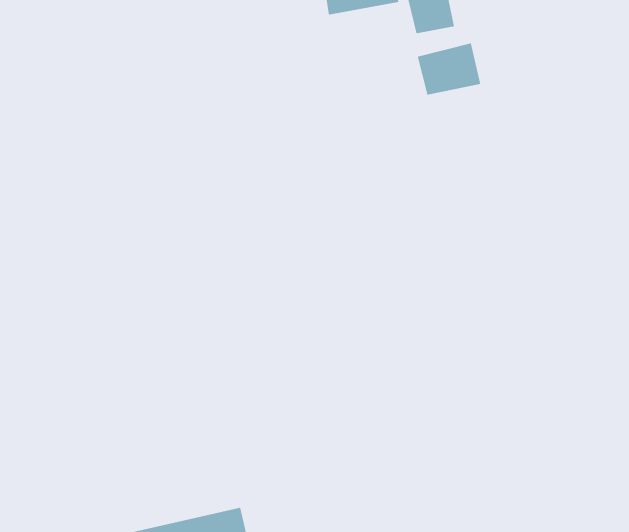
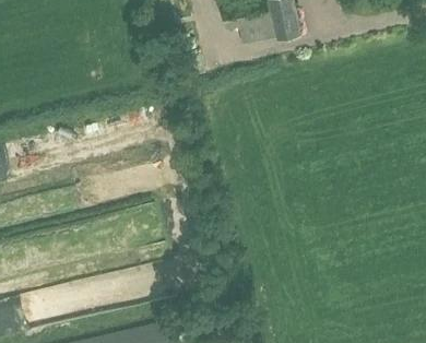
building: [417,43,481,95] -> none

